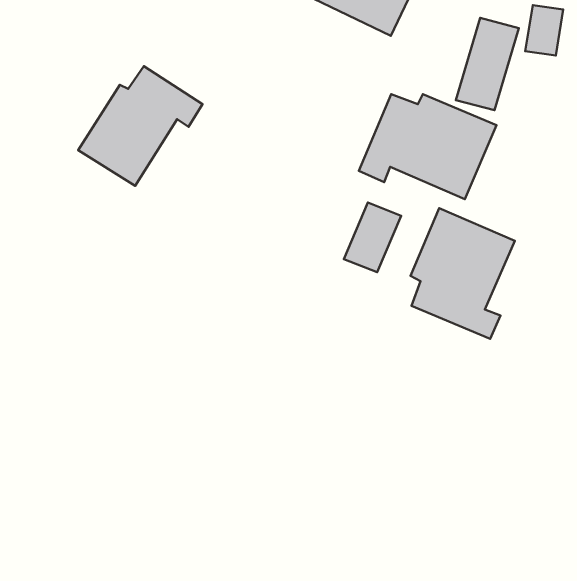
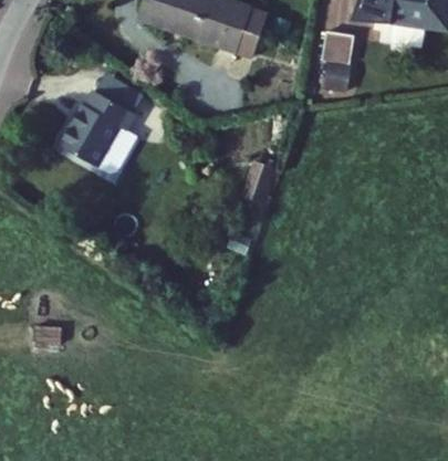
building: [359,94,497,199] -> none
building: [411,208,515,339] -> none

